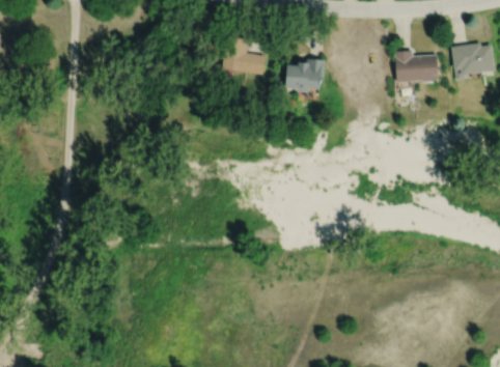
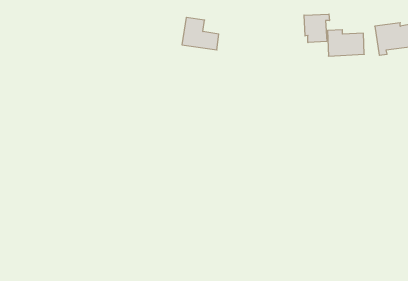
building: none -> [304,14,329,43]
building: [285,60,326,93] -> none

